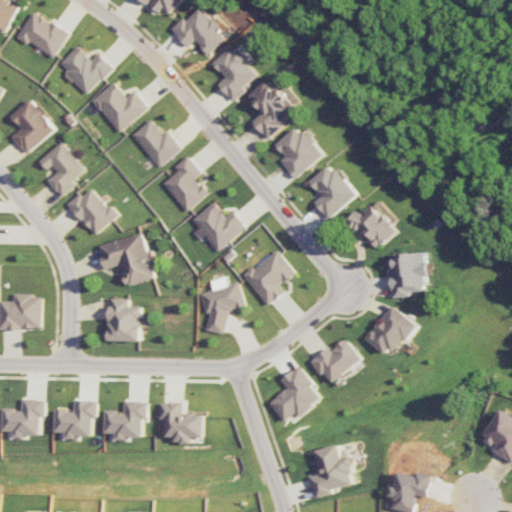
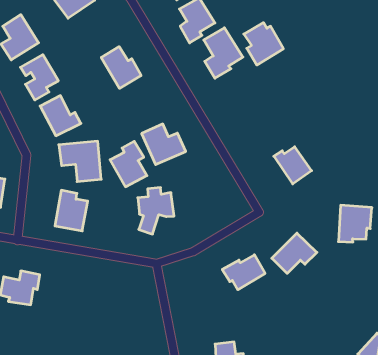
building: [90,82,146,132] -> none
building: [273,128,322,179] -> [244,23,283,65]
building: [160,156,206,211] -> [110,141,147,187]
building: [308,163,356,219] -> none
building: [241,250,293,306] -> none
building: [388,252,427,298] -> [338,205,372,242]
building: [268,367,321,422] -> none
building: [104,401,146,439] -> none
building: [159,402,202,443] -> none

